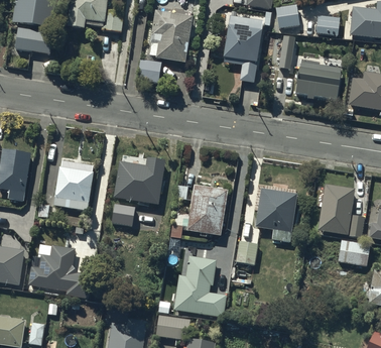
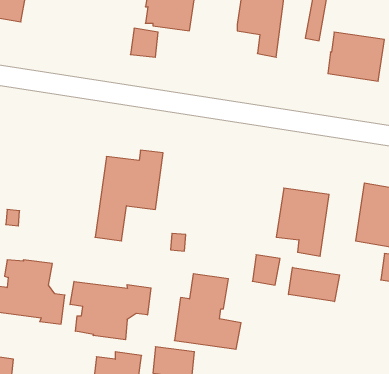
building: [52,161,93,211] -> none
building: [186,185,227,235] -> none
building: none -> [289,267,340,302]
building: none -> [70,281,151,340]

